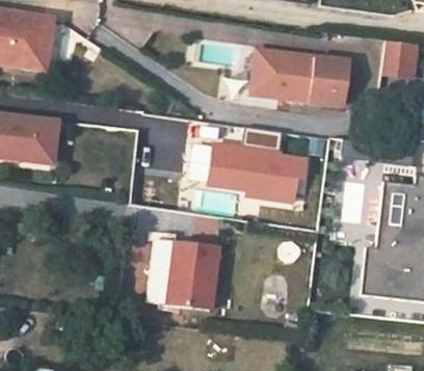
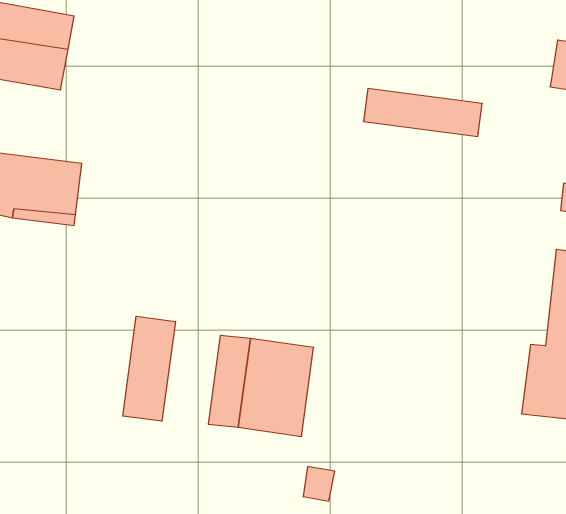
building: [257,50,349,82] -> none
building: [210,130,307,203] -> none
building: none -> [123,316,175,421]

